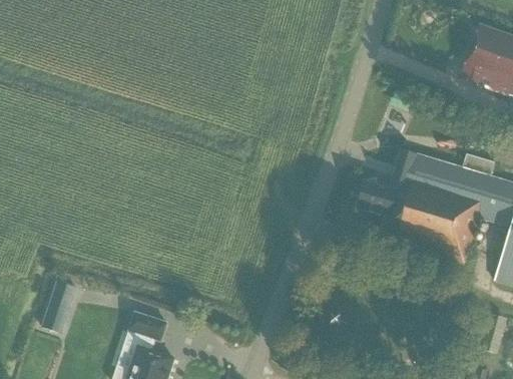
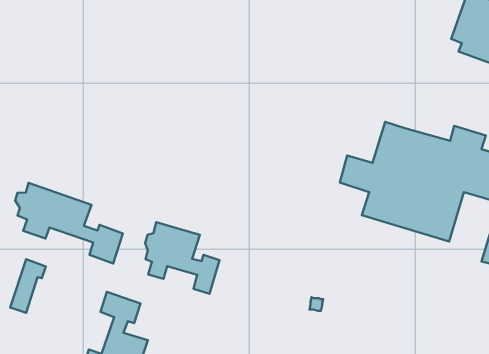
building: none -> [15,183,123,263]
building: none -> [145,222,220,294]

